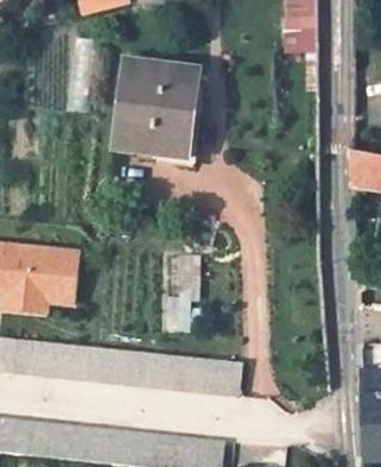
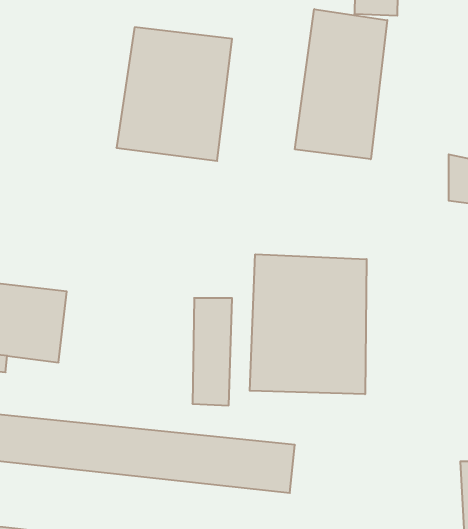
building: none -> [295,9,387,159]
building: none -> [250,254,367,394]

